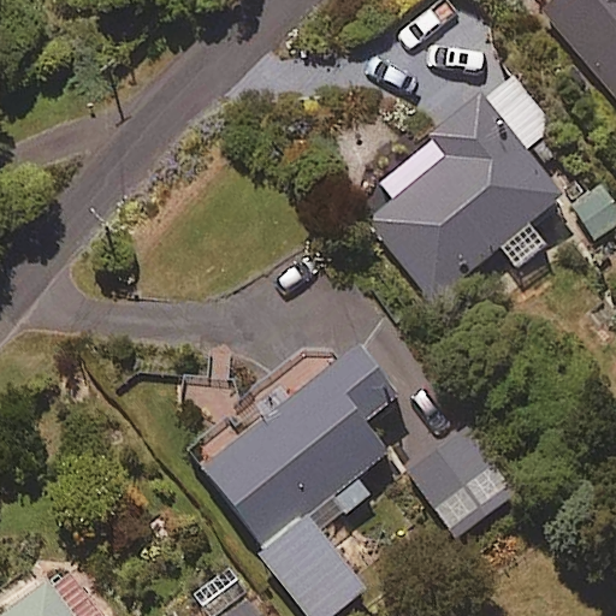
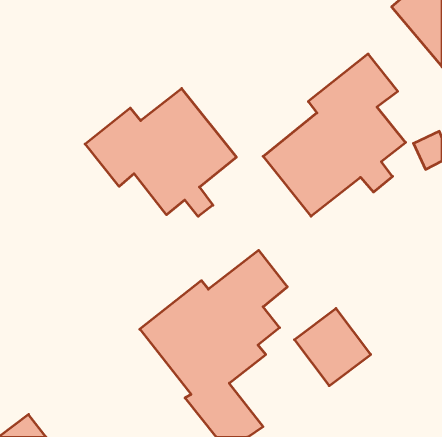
building: none -> [85,88,236,216]

